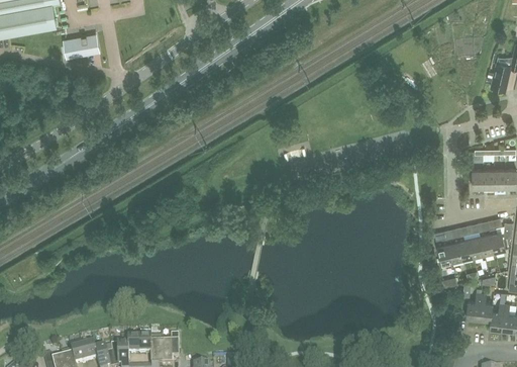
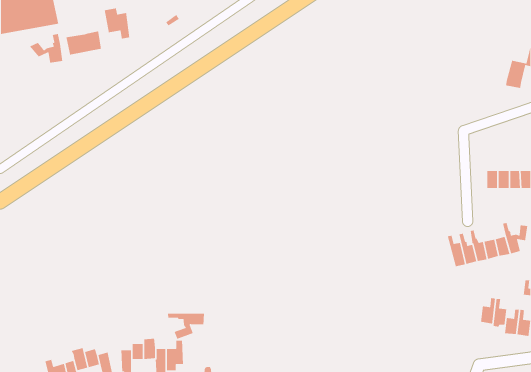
building: none -> [104,8,130,40]
building: none -> [29,33,63,64]
building: none -> [167,313,205,340]

